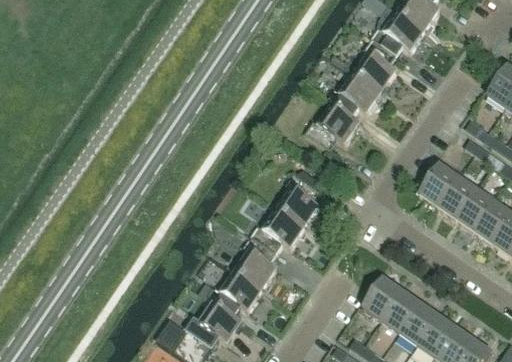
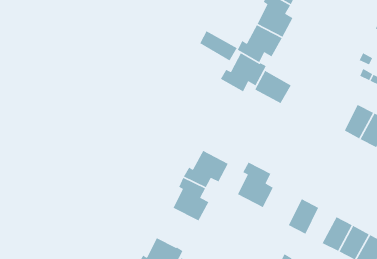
building: none -> [199,30,238,61]
building: none -> [254,70,292,104]
building: [421,165,459,207] -> none
building: [277,174,320,229] -> [237,161,274,208]
building: [209,272,263,317] -> none
building: [383,291,420,332] -> none

